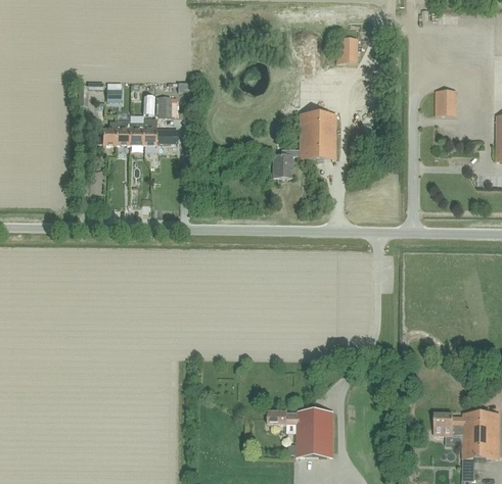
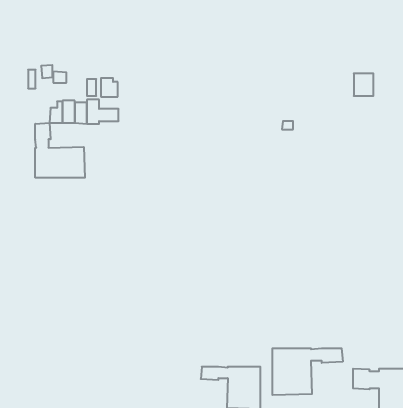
building: [336,37,358,62] -> none
building: [273,113,336,178] -> none
building: none -> [35,123,85,178]
building: none -> [272,348,343,395]

